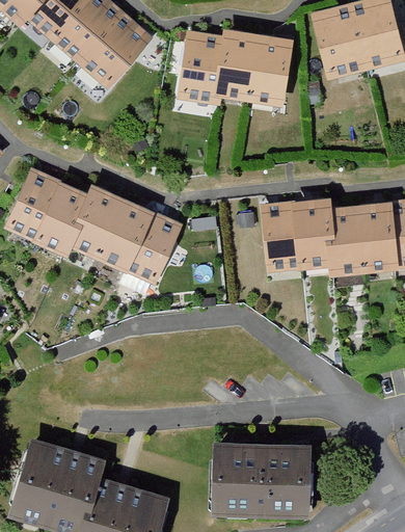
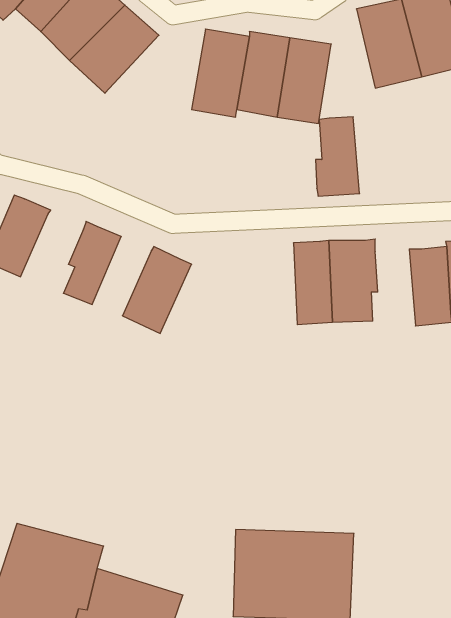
building: [35,182,88,252] -> none
building: [96,201,144,268] -> none
building: [326,211,362,276] -> [316,117,360,196]

